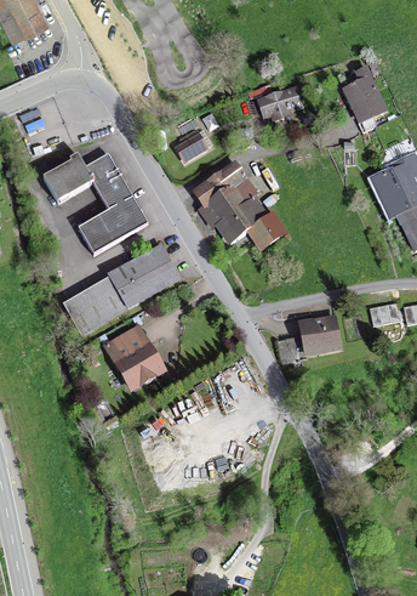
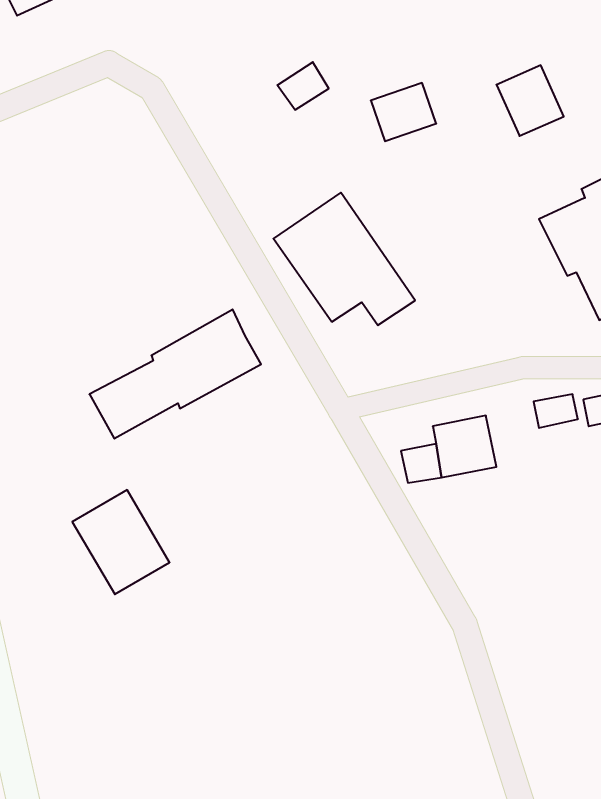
building: [171,131,206,164] -> [277,62,329,110]
building: [40,151,147,254] -> none
building: [103,322,170,393] -> [72,490,170,594]

